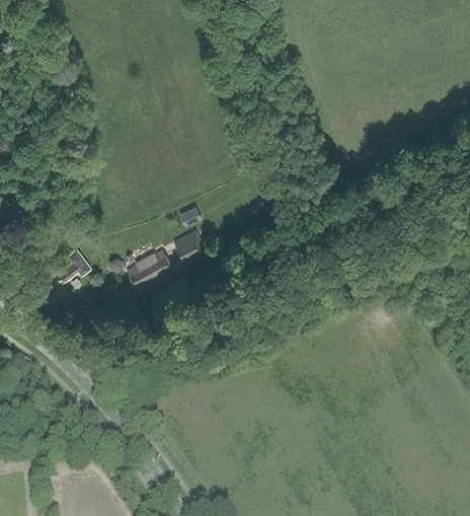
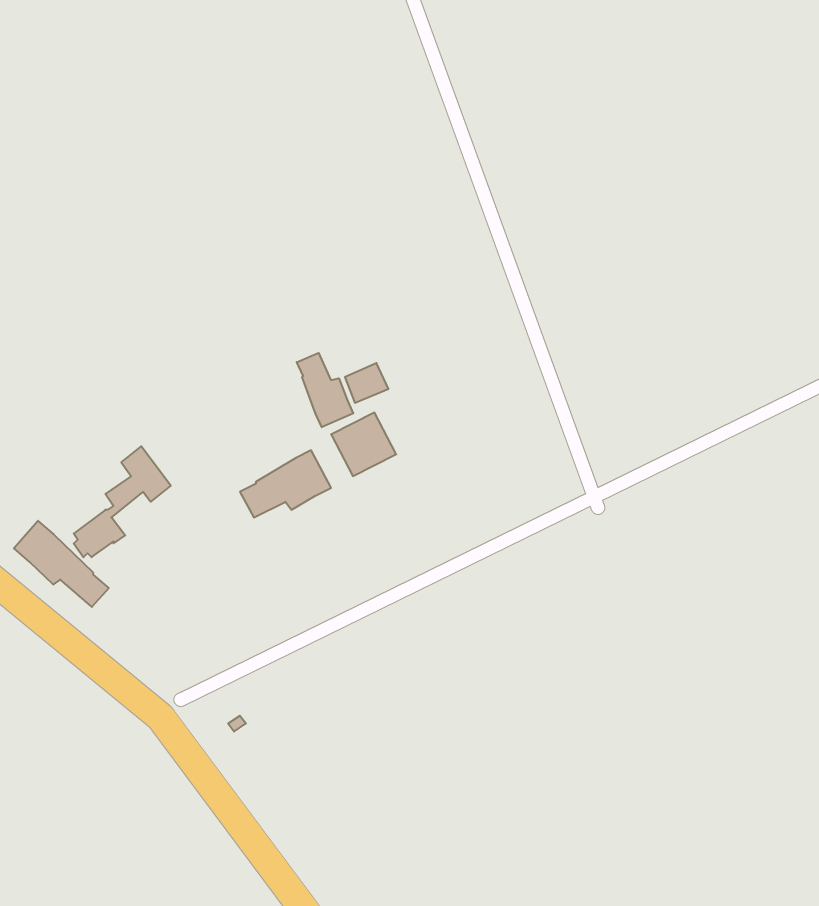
building: none -> [297,353,353,427]
building: none -> [14,521,109,607]

